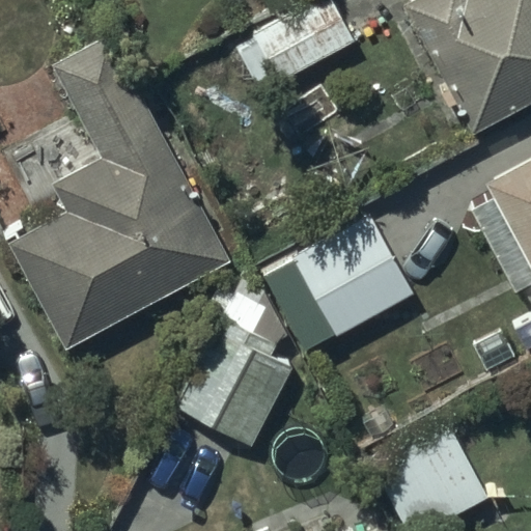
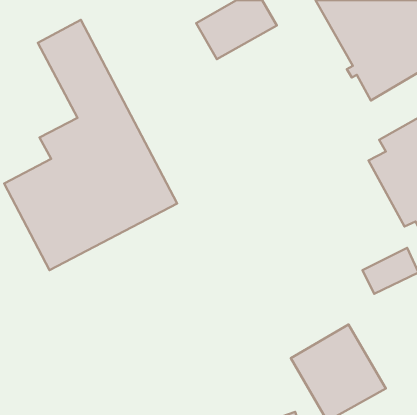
building: [262,216,412,351] -> none
building: [175,333,291,447] -> none

